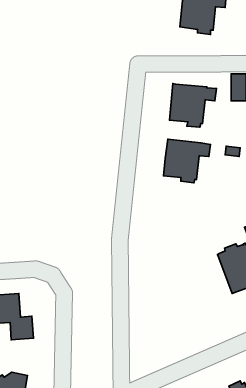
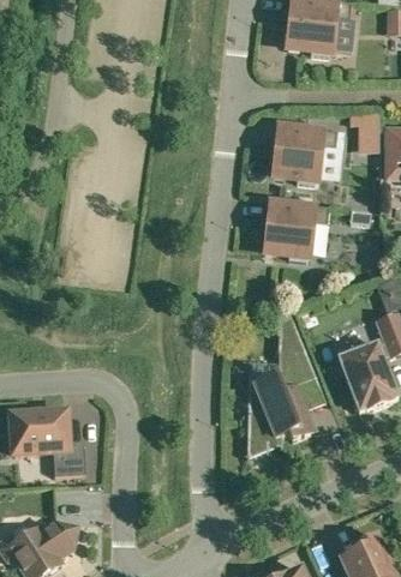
building: none -> [247,315,316,450]

